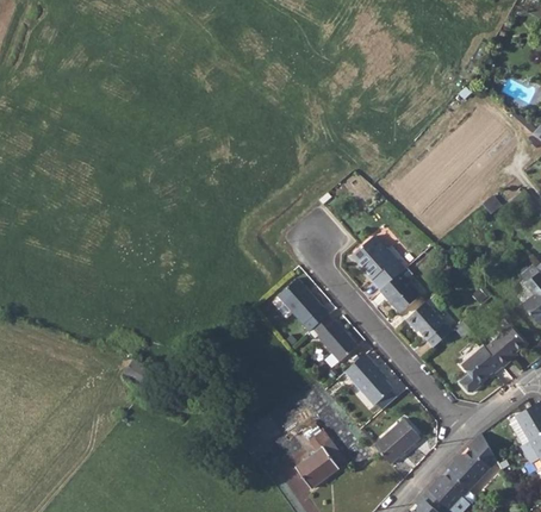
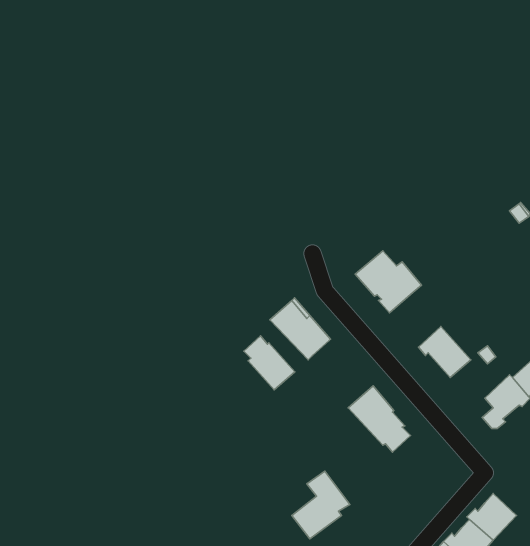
building: [381,273,421,313] -> none
building: [315,314,359,361] -> [244,336,295,390]
building: [377,418,423,463] -> none

